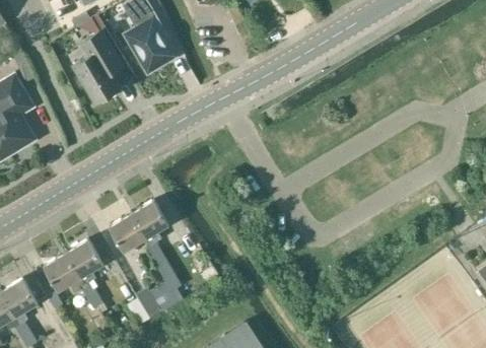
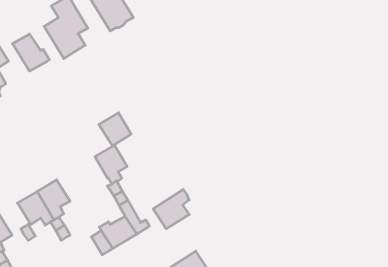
building: none -> [12,34,49,71]
building: [109,214,145,252] -> [99,113,131,146]
building: none -> [153,189,189,229]

